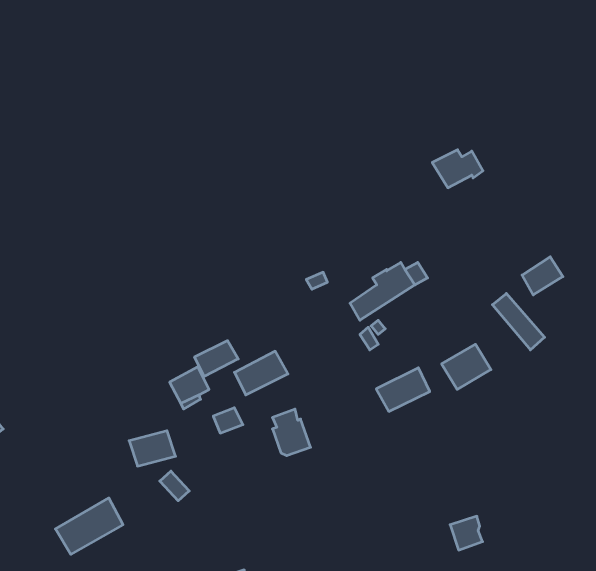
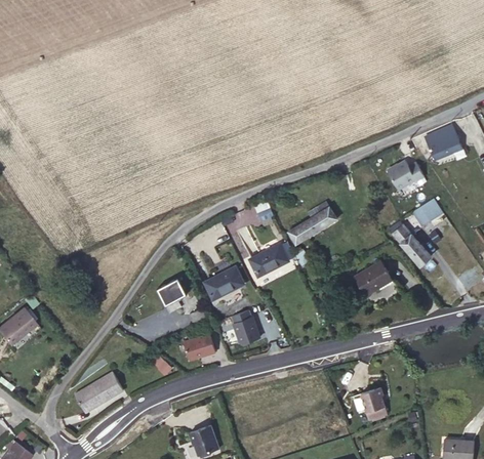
building: [432,150,483,188] -> [386,161,422,189]
building: none -> [424,125,461,161]
building: [195,341,238,376] -> none
building: [376,368,430,411] -> [248,244,287,276]
building: [129,431,176,466] -> [180,331,214,357]

